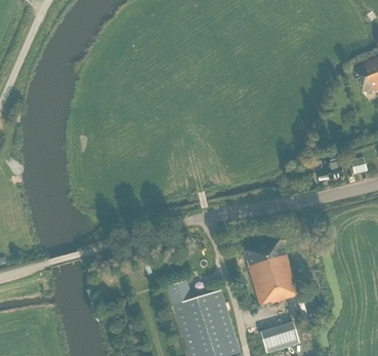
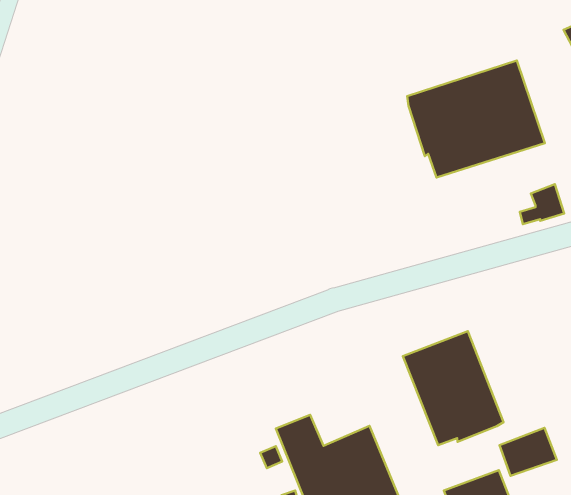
building: none -> [407,60,545,177]
building: none -> [499,428,557,476]

